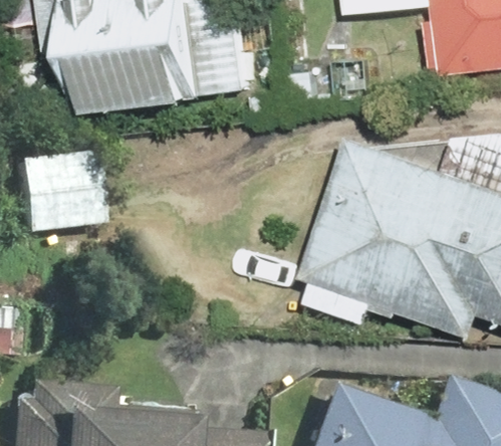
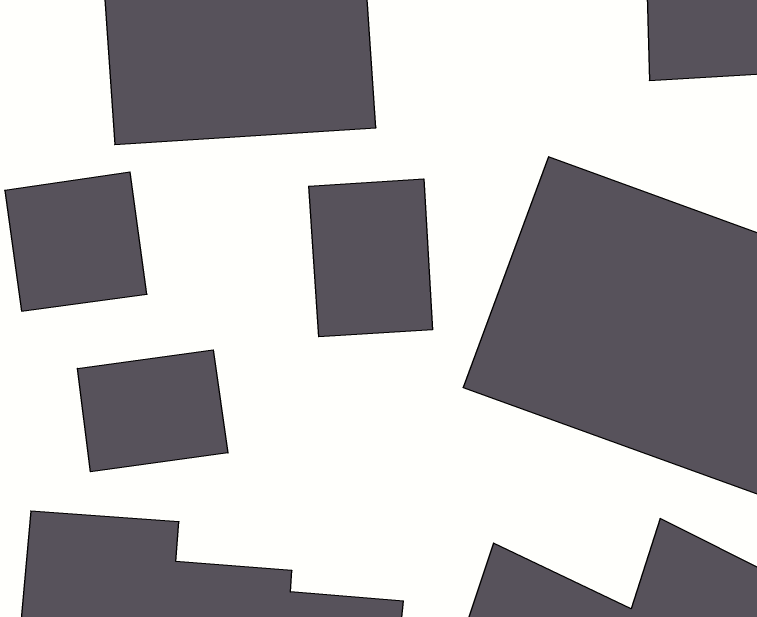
building: none -> [309,179,432,337]
building: none -> [77,350,228,472]

